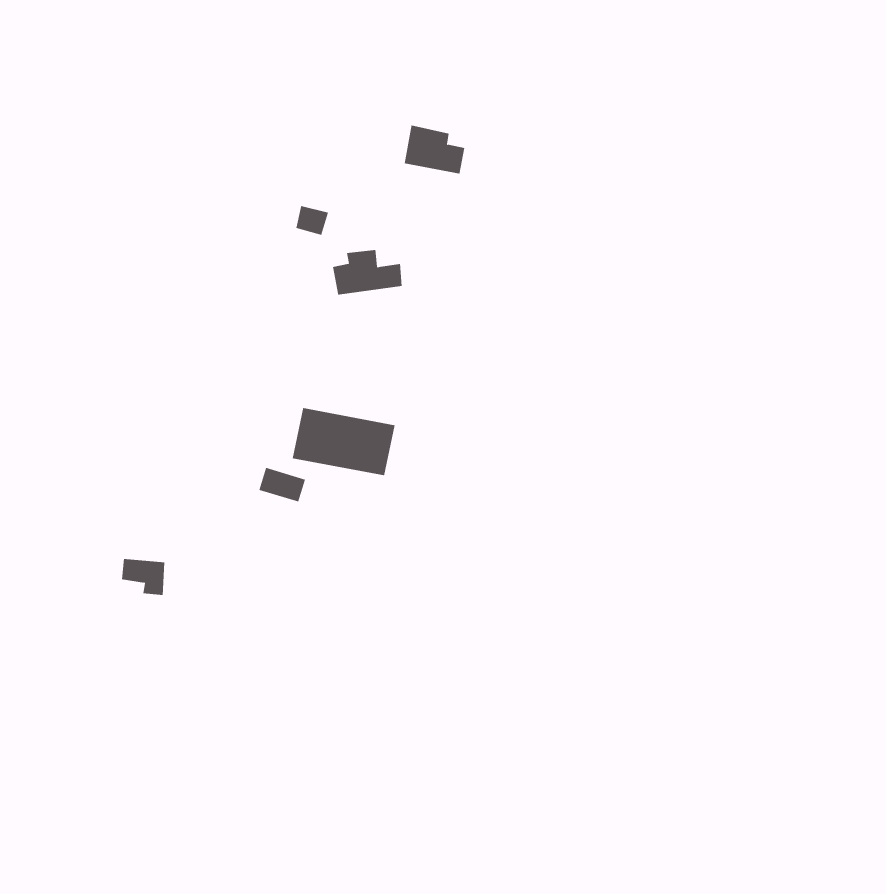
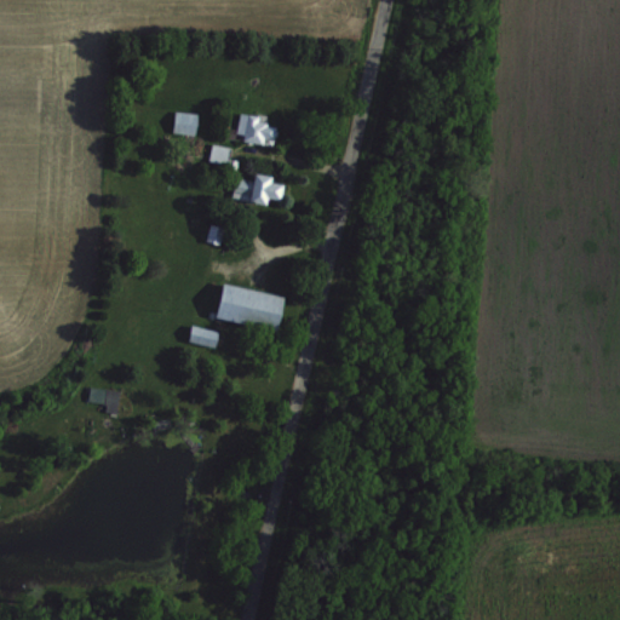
building: [404,125,465,174] -> [237,111,280,145]
building: none -> [173,111,201,134]

